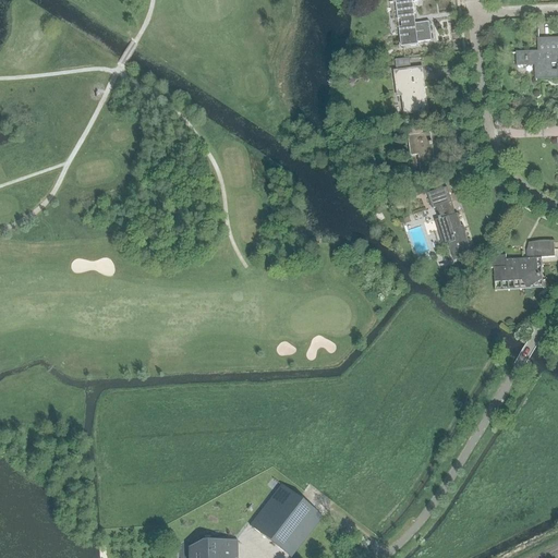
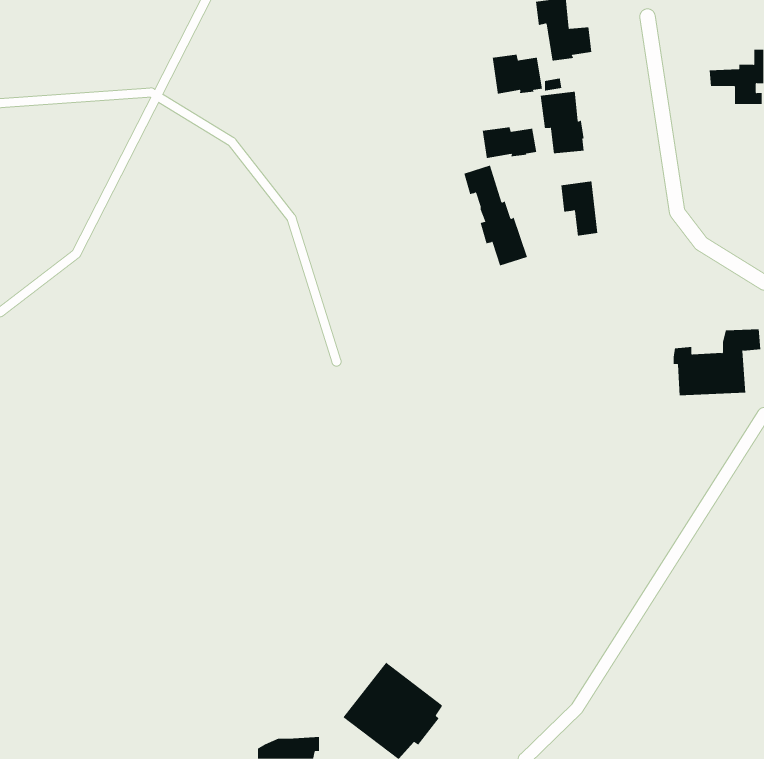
building: none -> [492,54,543,95]
building: none -> [482,127,537,159]
building: [426,185,473,259] -> [463,165,528,266]

